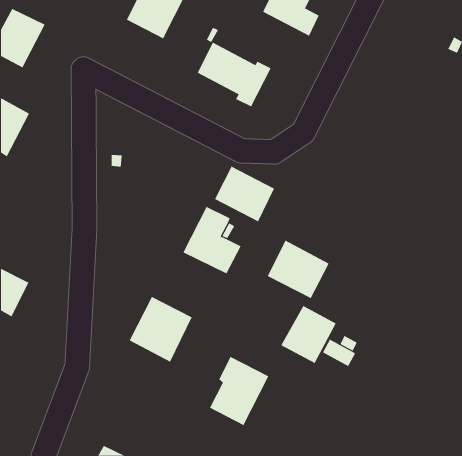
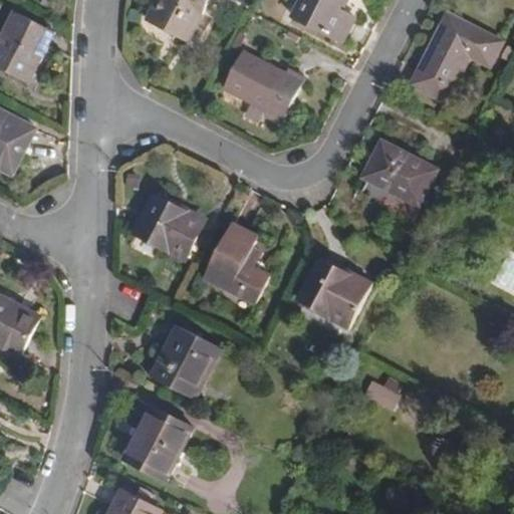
building: none -> [409,14,492,99]
building: none -> [361,140,436,207]
building: [214,166,275,222] -> [135,195,202,257]
building: [280,305,337,364] -> none
building: [209,356,269,426] -> [125,406,192,483]

